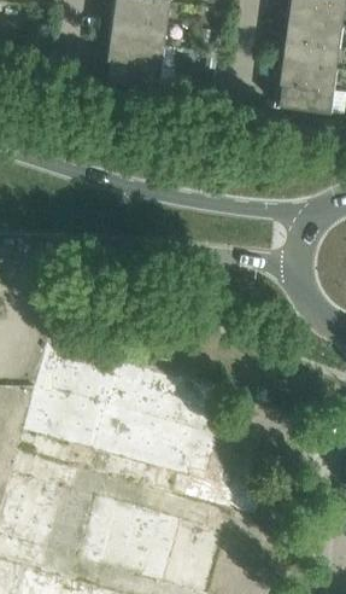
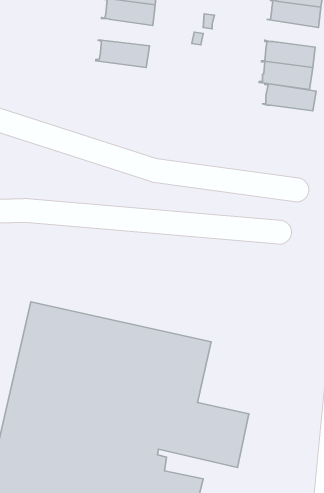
building: [109,39,163,66] -> none
building: [281,39,338,68] -> [263,83,316,111]

